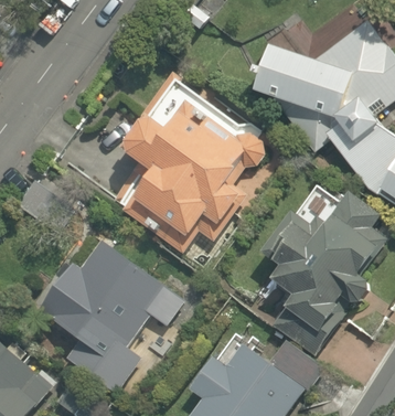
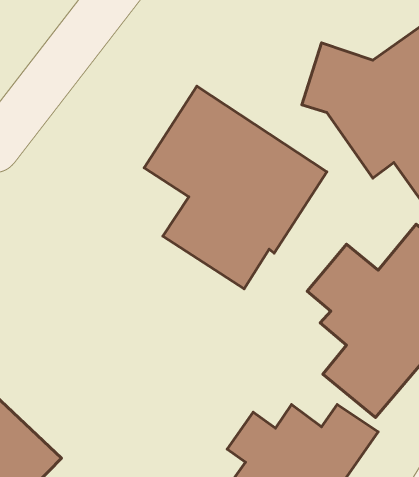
building: [39,234,186,366] -> none

